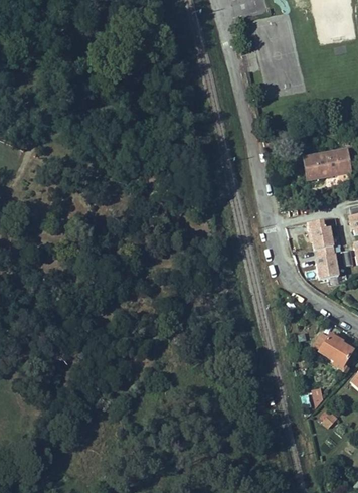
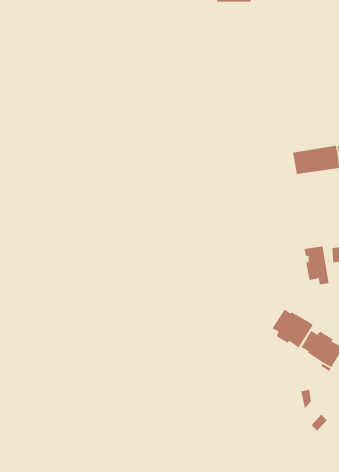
building: [307,219,340,250] -> none
building: none -> [272,309,314,349]

